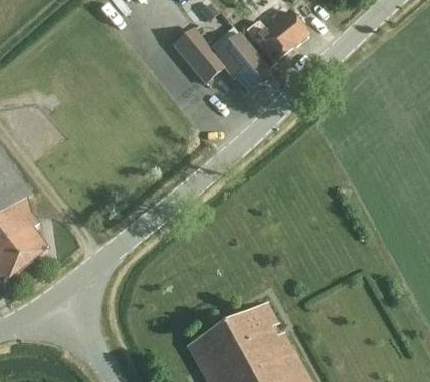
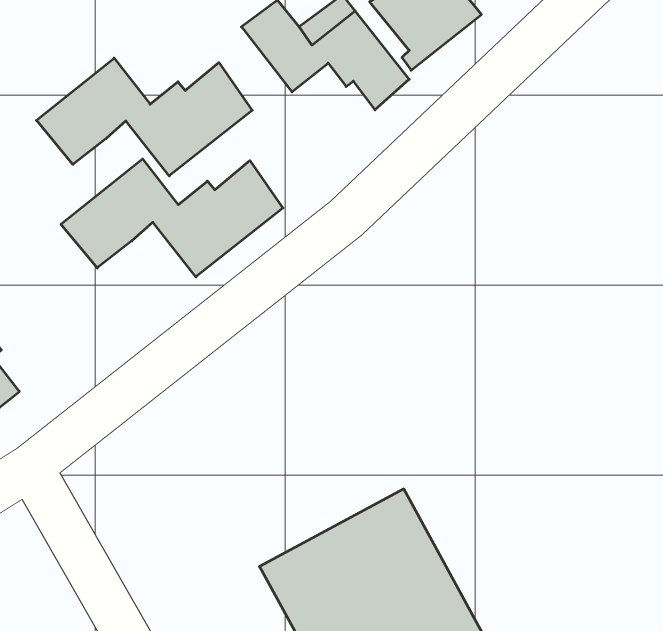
building: none -> [36,58,252,176]
building: none -> [61,159,283,277]

